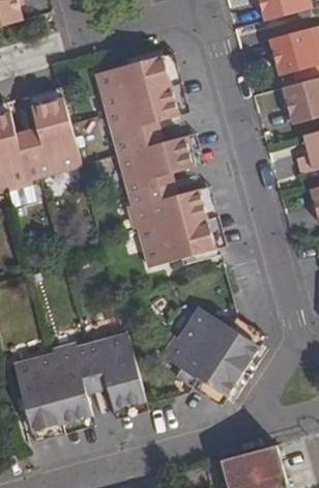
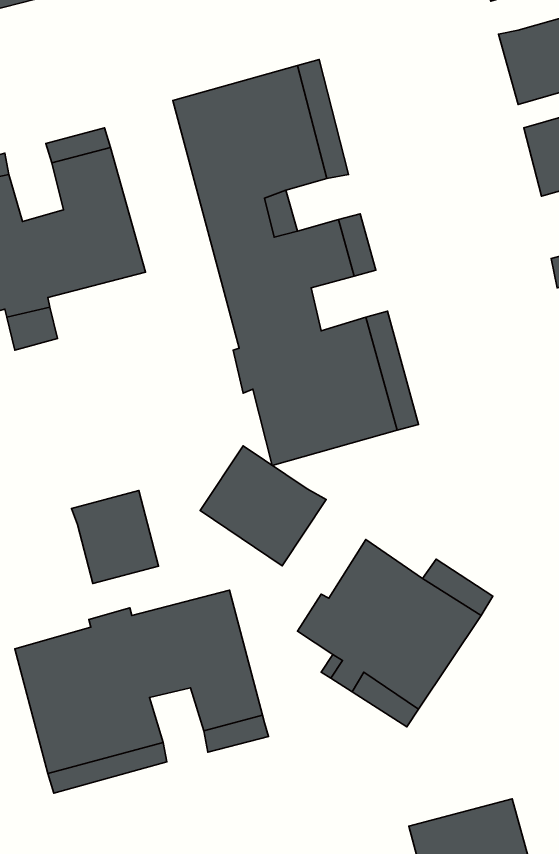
building: none -> [200,446,326,566]
building: none -> [72,490,158,583]

